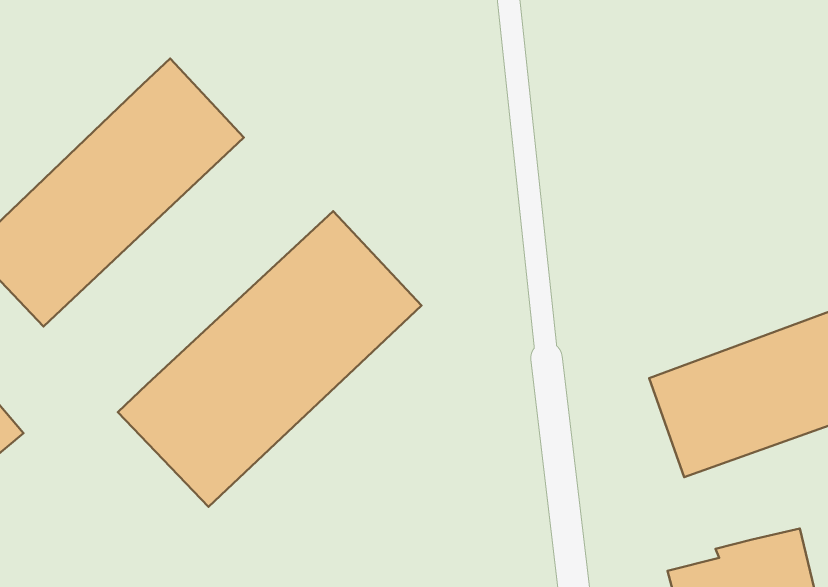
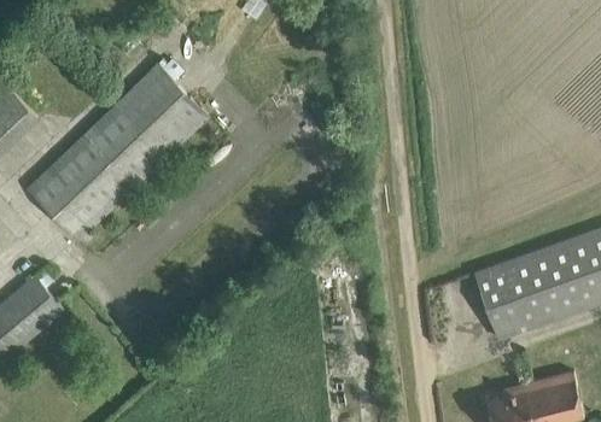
building: [118,211,422,507] -> none

